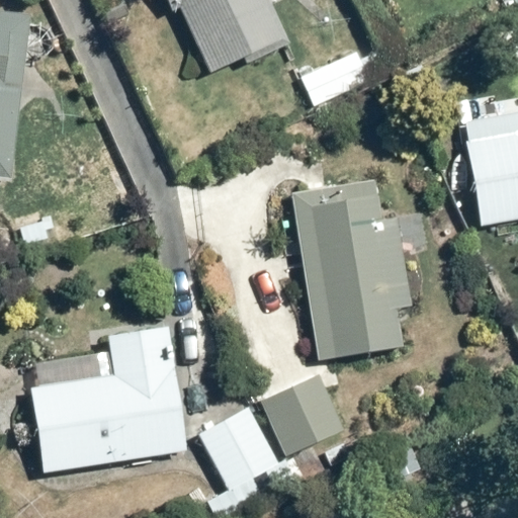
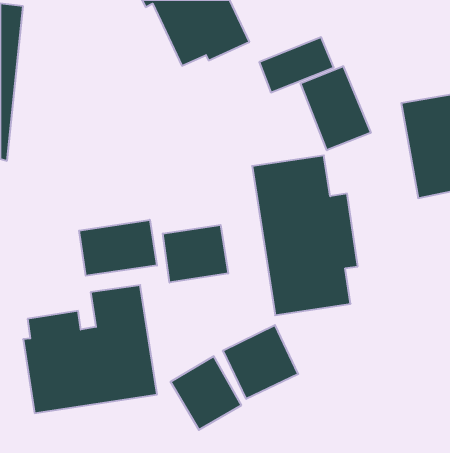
building: none -> [301,66,371,150]
building: none -> [79,220,157,276]
building: none -> [163,225,228,283]

